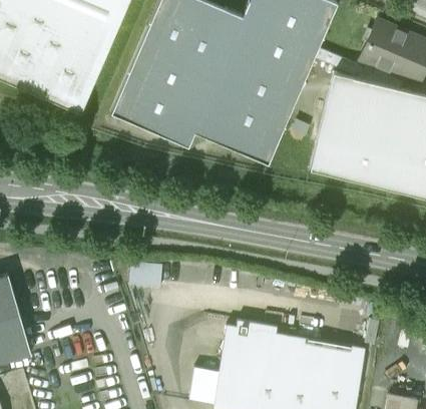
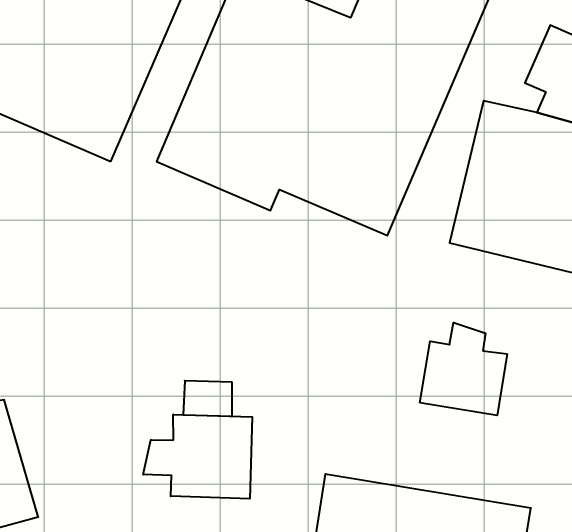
building: none -> [420,323,507,415]
building: none -> [143,414,252,499]

